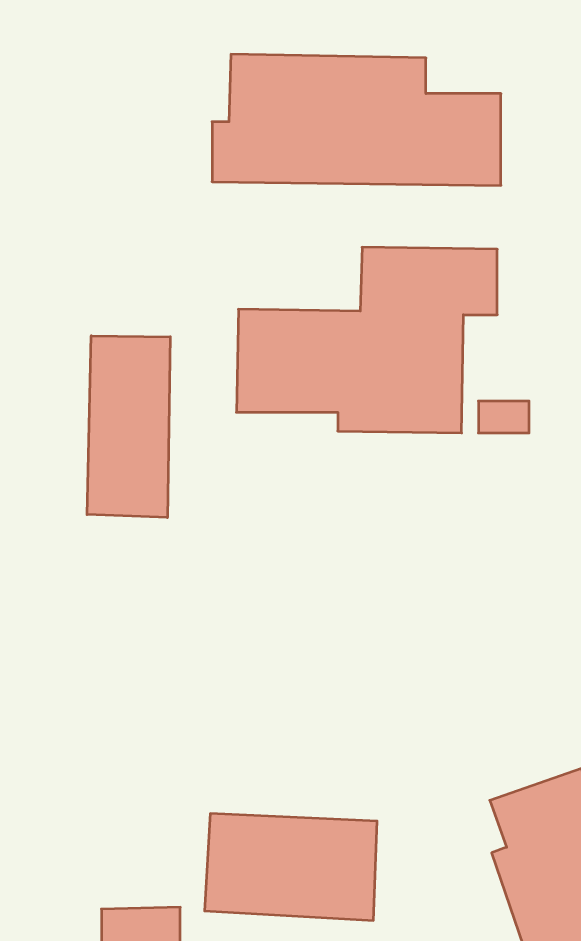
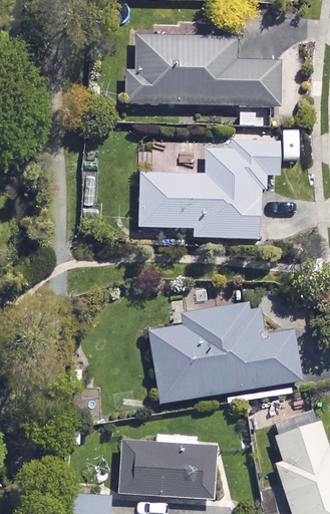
building: [87,336,170,518] -> none
building: none -> [148,299,308,402]

